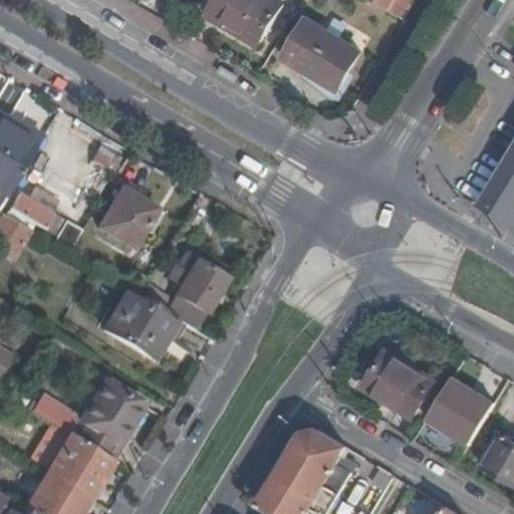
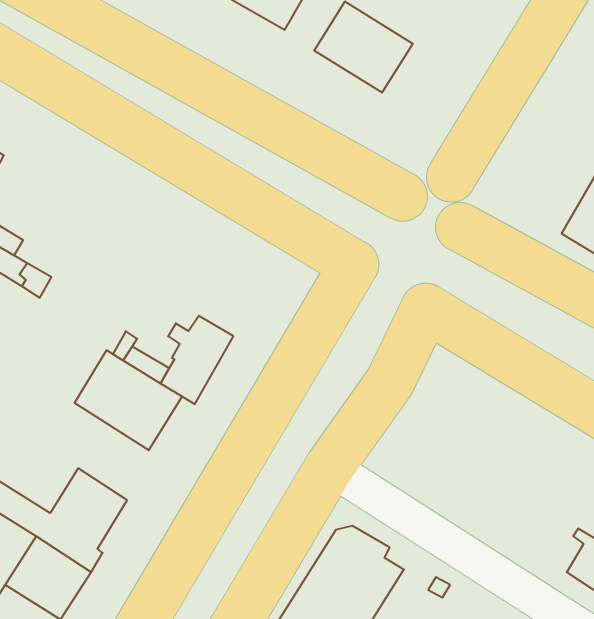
building: [95,192,154,252] -> none
building: [362,351,433,417] -> none
building: [428,372,499,445] -> none

